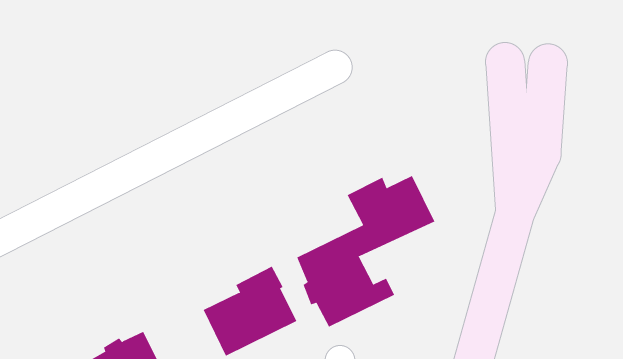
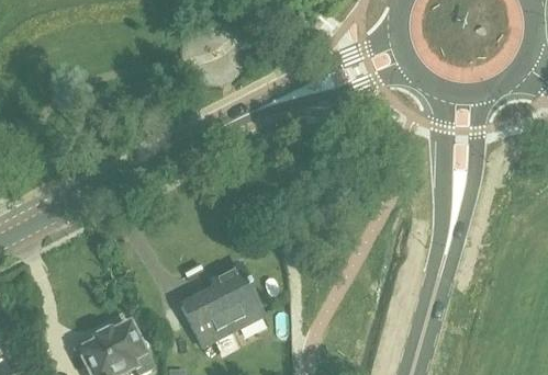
building: [296,175,435,328] -> none

